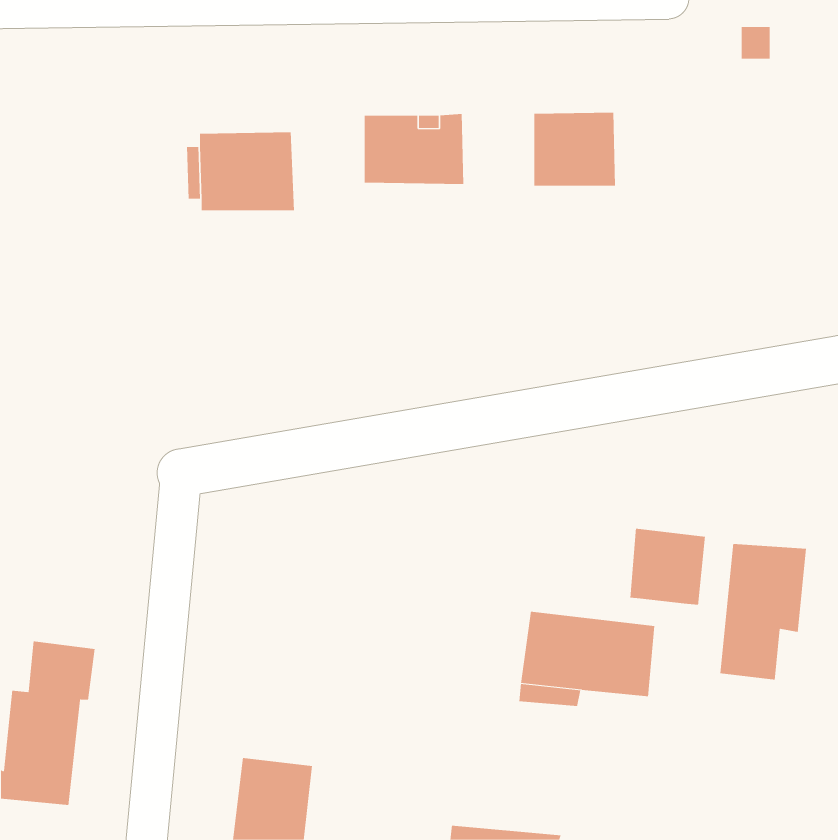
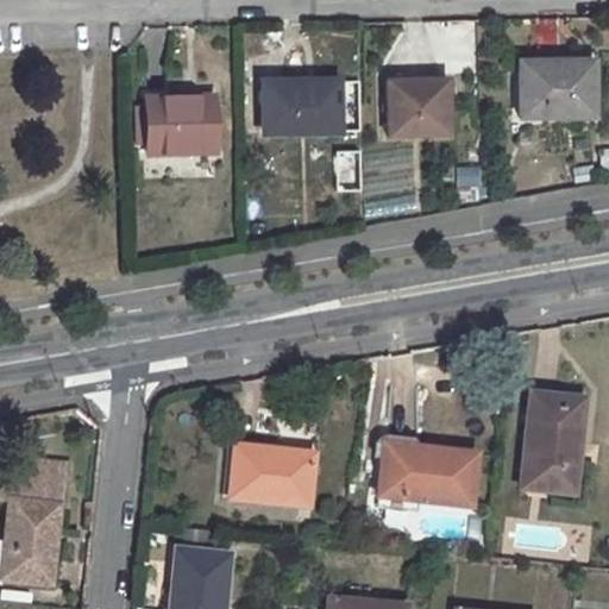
building: none -> [521,62,594,117]
building: [630,528,706,605] -> none
building: none -> [231,442,314,506]

